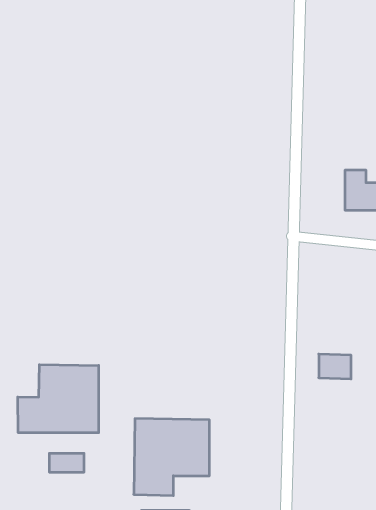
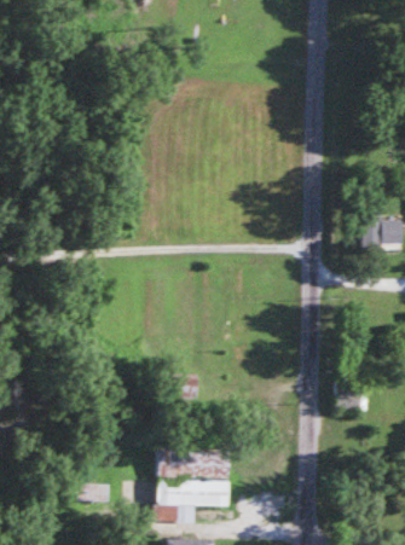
building: [18,365,99,433] -> none

